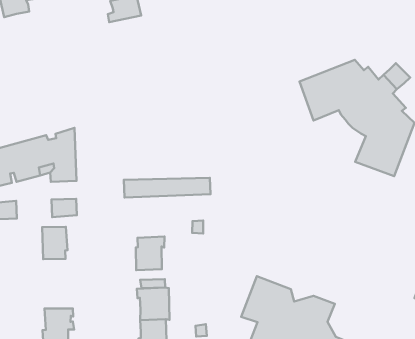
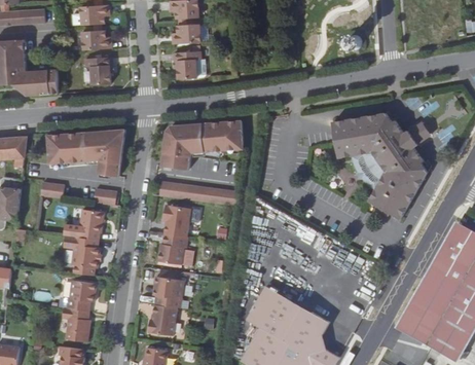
building: none -> [83,29,113,48]
building: none -> [175,48,208,77]
building: none -> [85,53,114,82]
building: none -> [163,121,240,171]
building: none -> [166,206,192,236]
building: none -> [73,236,101,269]

